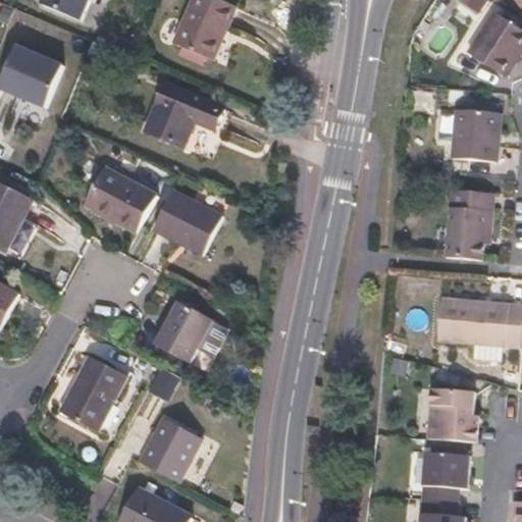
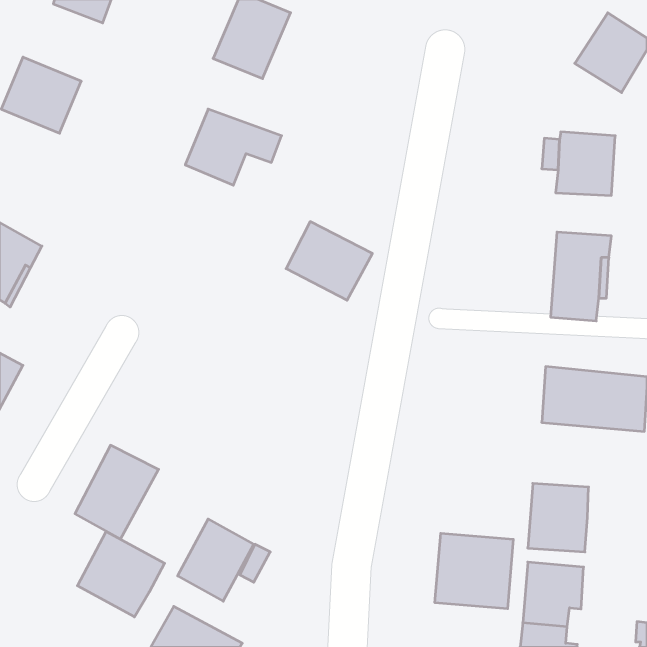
building: [82,166,155,230] -> none
building: [155,194,224,257] -> [286,222,372,300]
building: [157,305,213,365] -> none
building: none -> [77,531,165,617]
building: none -> [435,533,513,609]

